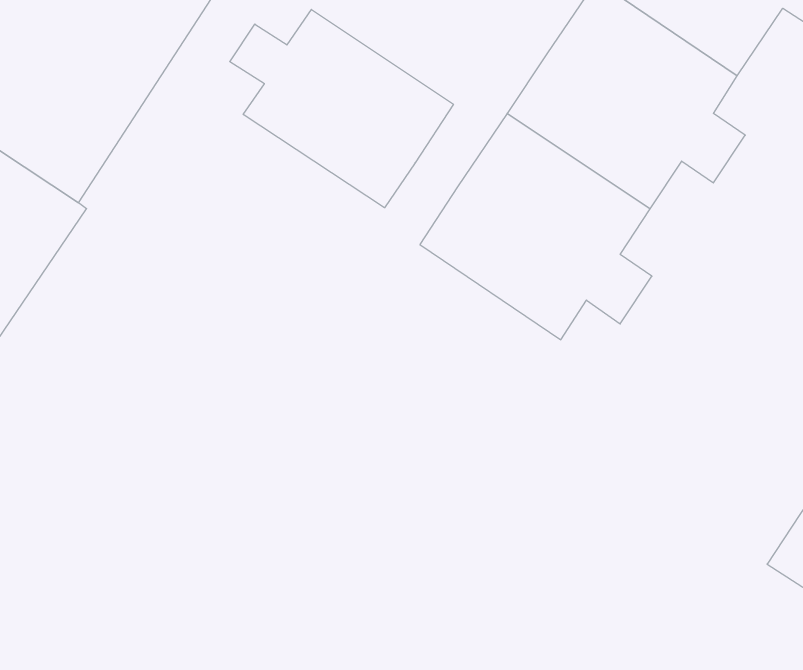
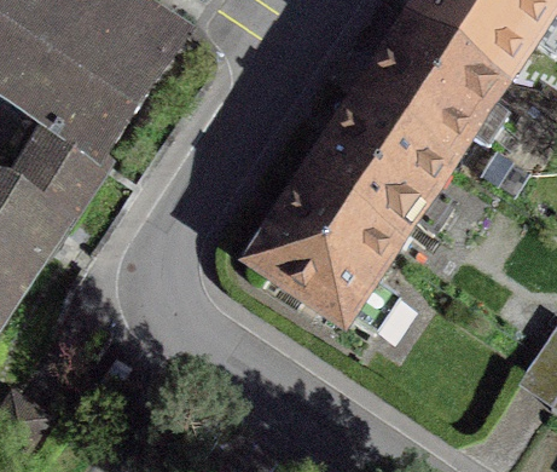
building: [230,9,453,208] -> none
building: none -> [256,179,396,327]

